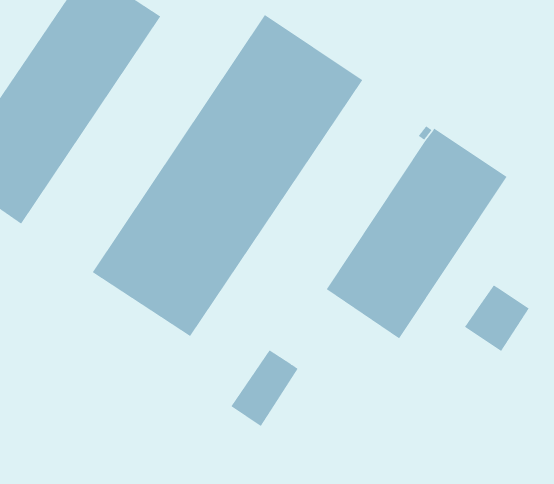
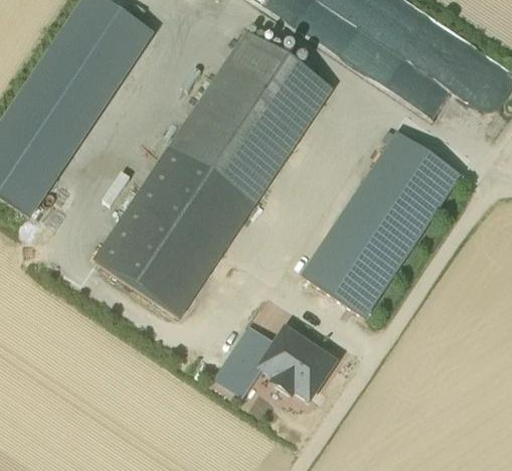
building: [464,284,529,352] -> none
building: none -> [258,322,344,407]

